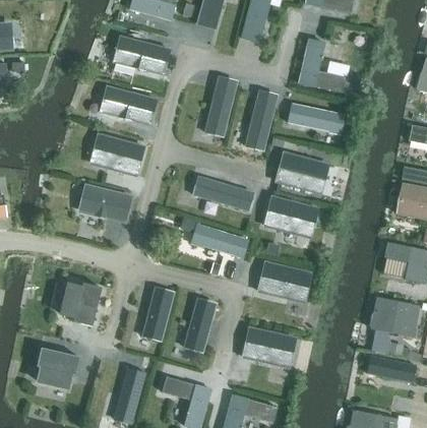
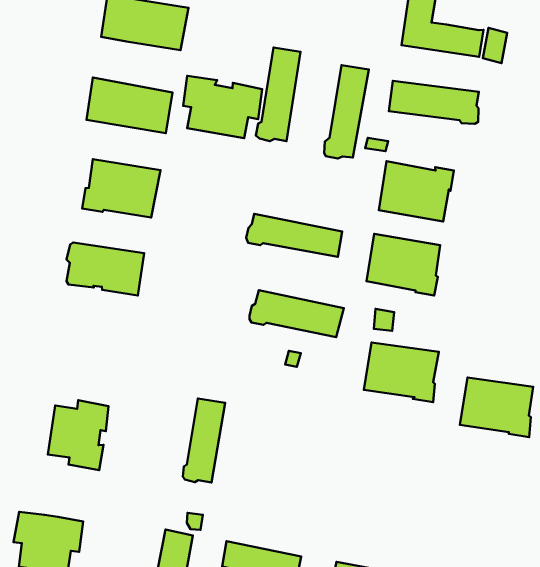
building: none -> [183,76,262,138]
building: [183,299,215,351] -> none
building: [242,327,289,367] -> [460,377,533,437]

